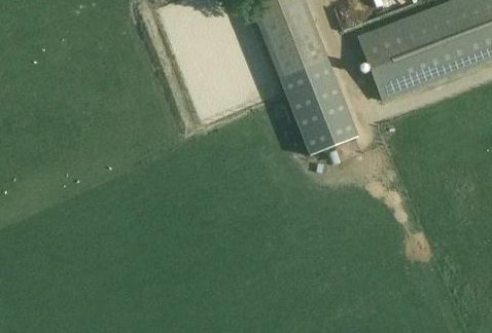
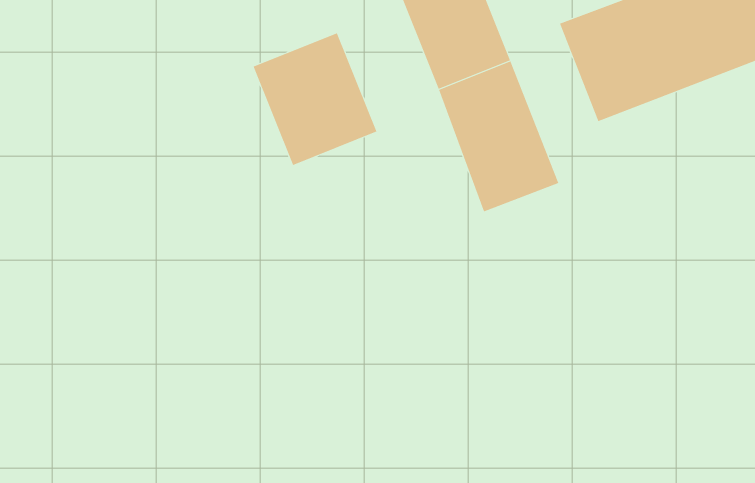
building: none -> [253,32,377,166]

